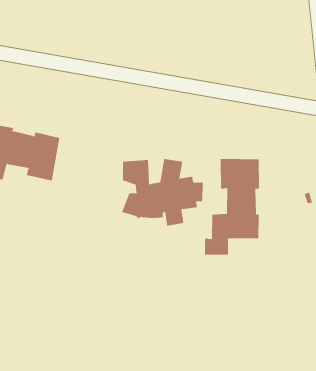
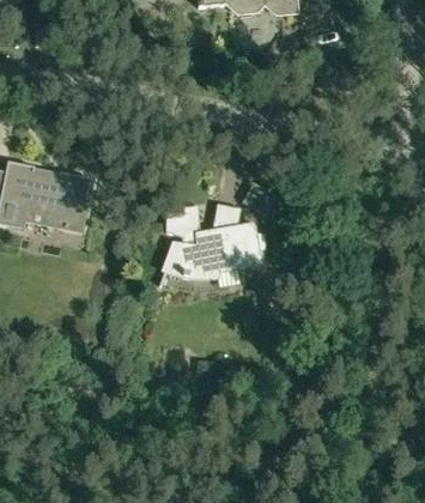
building: [205,158,260,256] -> none

